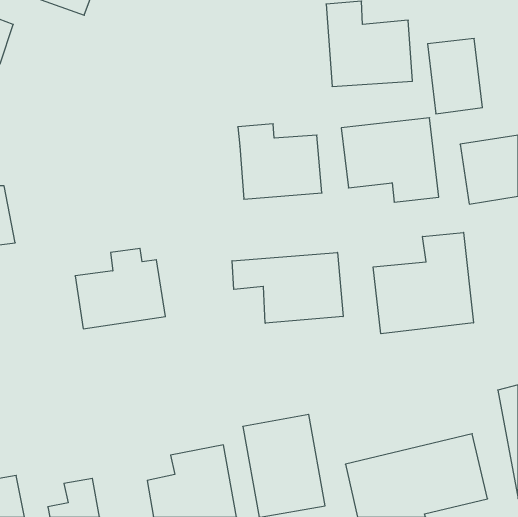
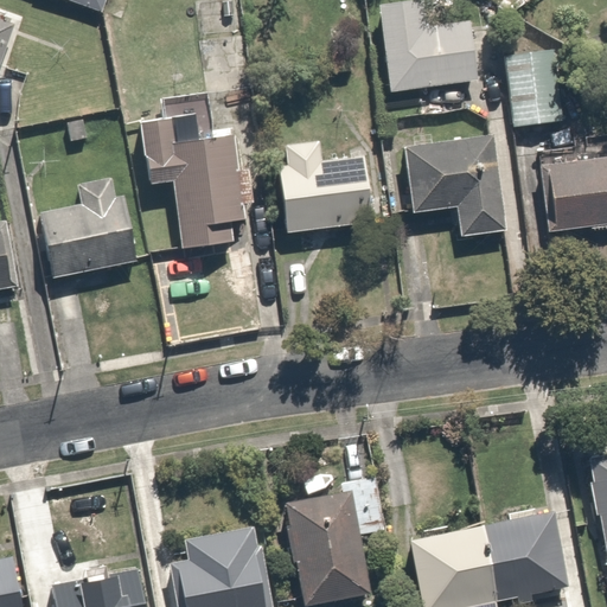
building: none -> [136,109,254,253]
building: [373,232,473,334] -> none
building: [75,248,165,329] -> [36,181,141,275]
building: [232,252,343,323] -> none

